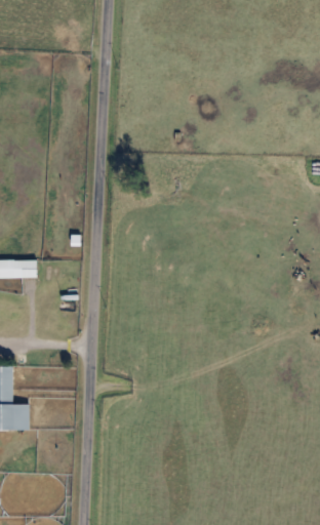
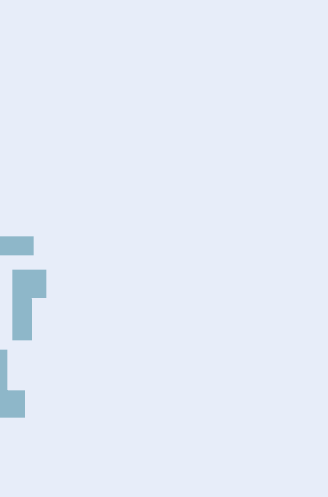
building: none -> [12,269,47,341]

